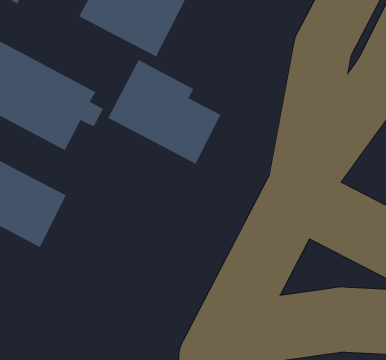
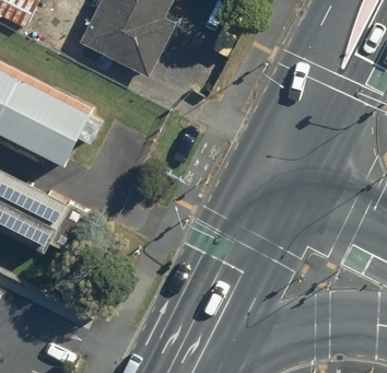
building: [107,59,221,164] -> none

